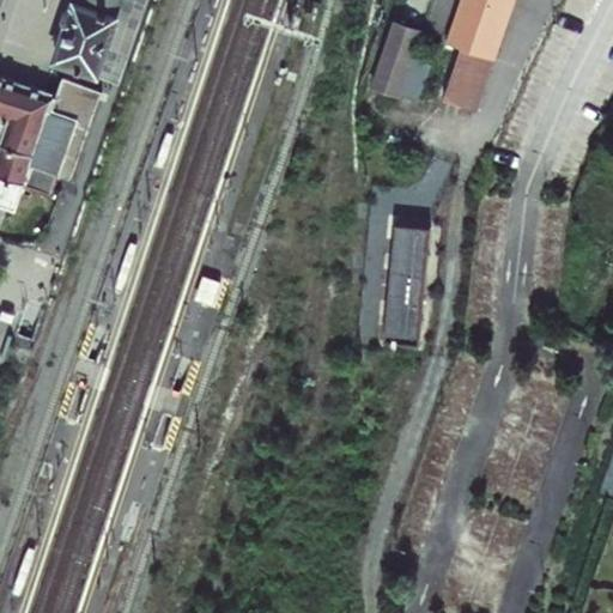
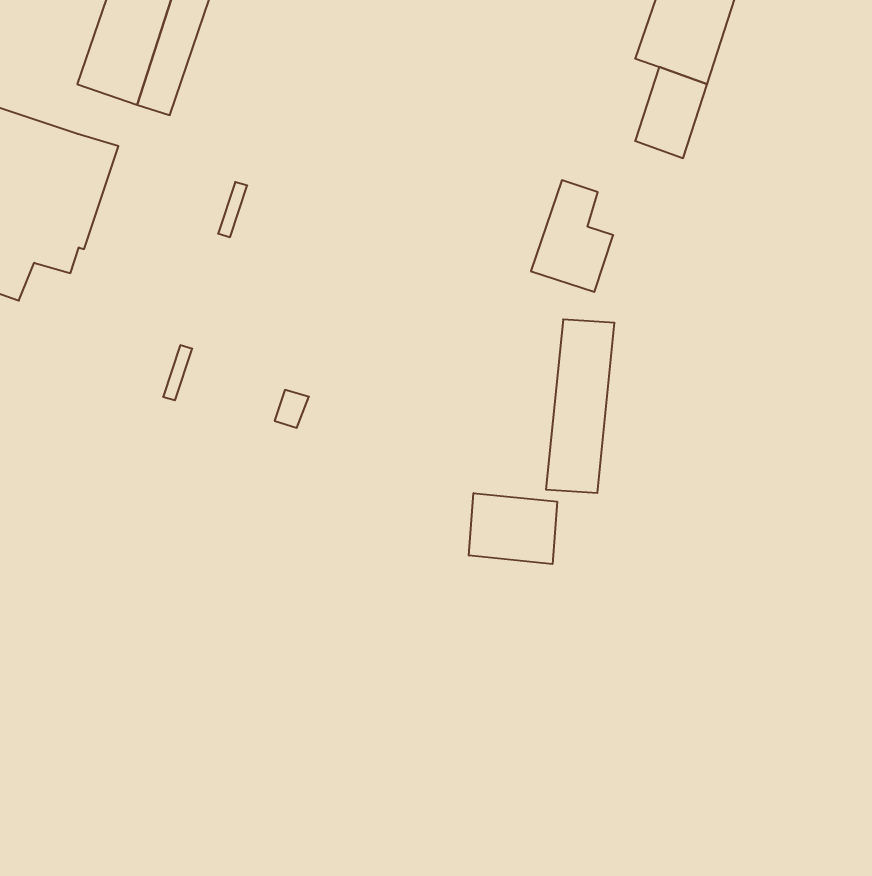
building: [372,22,430,99] -> [531,180,613,292]
building: [54,75,99,177] -> none
building: none -> [469,493,557,564]

